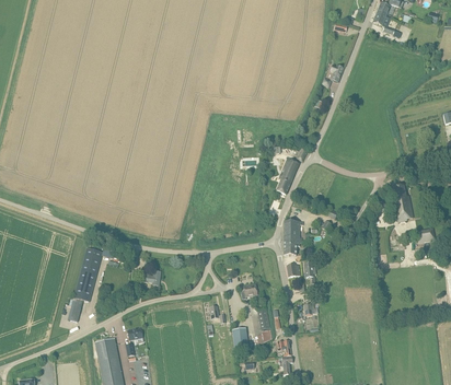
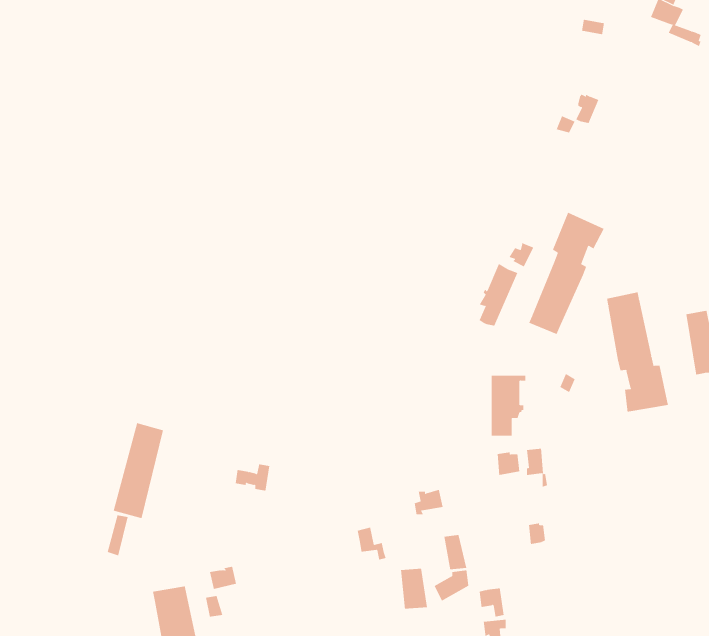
building: none -> [528,212,604,335]
building: none -> [606,291,668,412]

